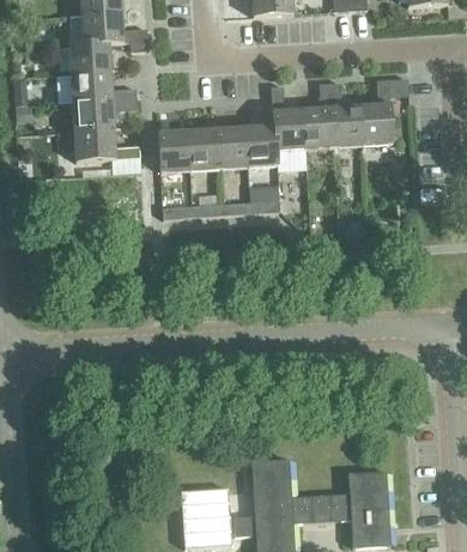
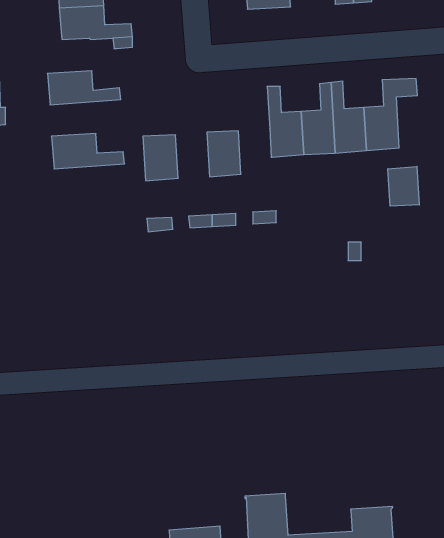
building: [68,42,110,74] -> none
building: [72,98,137,132] -> none
building: [244,125,277,166] -> none
building: [187,128,218,170] -> none
building: none -> [388,166,419,206]

